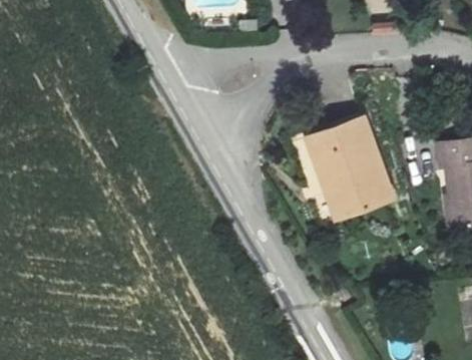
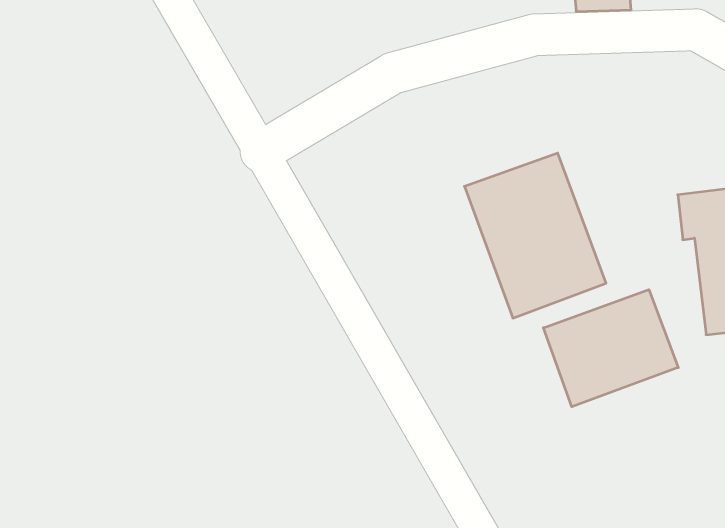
building: none -> [543,290,678,407]

